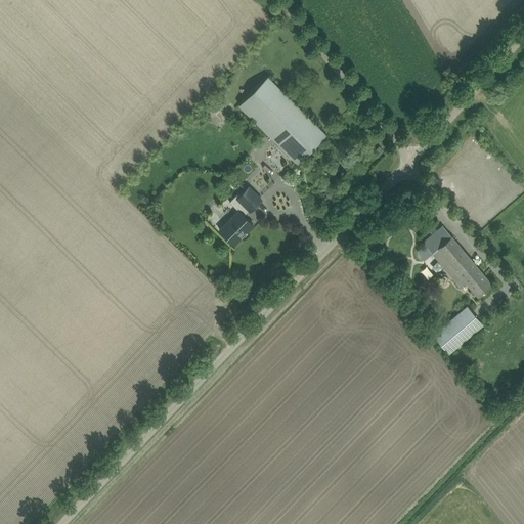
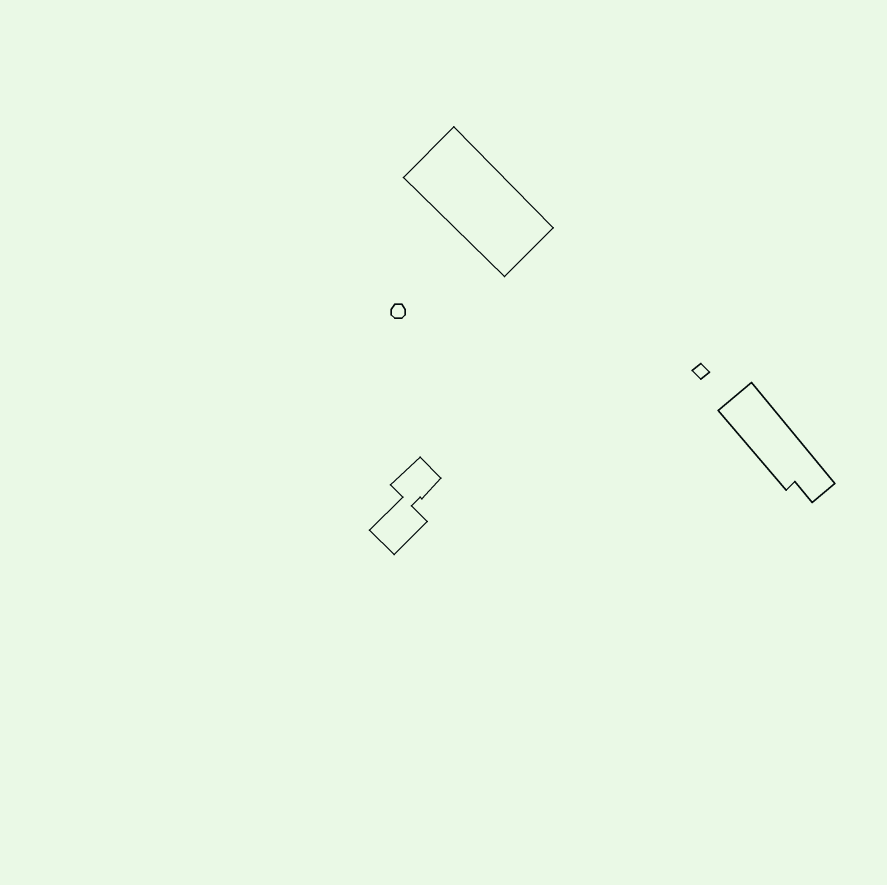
building: [219,188,261,246] -> [370,457,441,555]
building: [431,307,482,355] -> none

